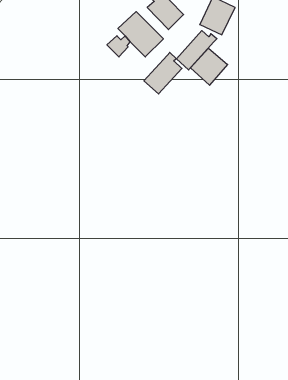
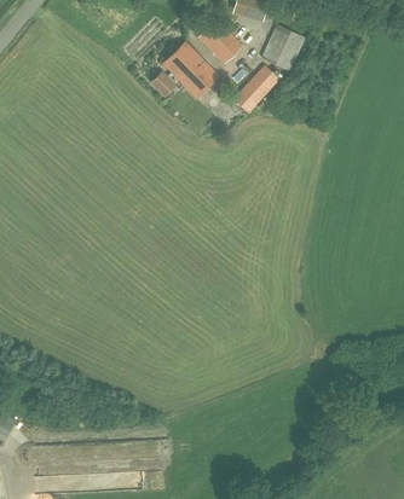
building: [190,48,228,85] -> none
building: [144,52,182,94] -> none

